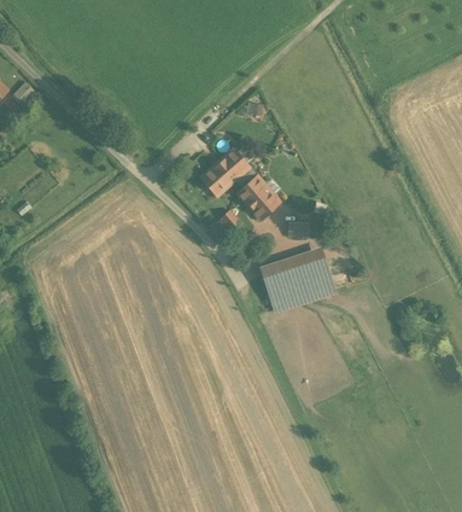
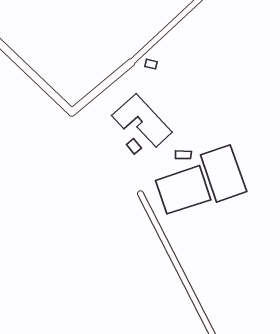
building: none -> [200,145,247,202]

